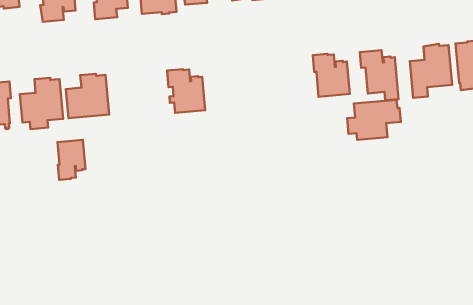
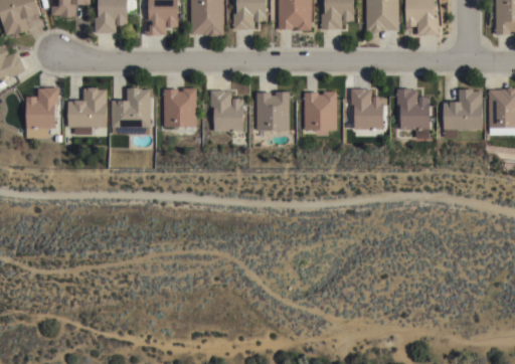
building: none -> [305,92,337,134]
building: none -> [256,92,290,130]
building: none -> [164,88,196,127]
building: [347,100,401,140] -> none
building: [57,140,85,180] -> none

